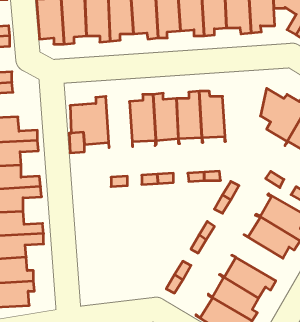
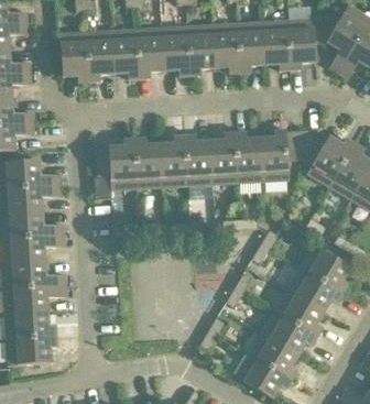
building: none -> [262,130,309,187]
building: none -> [137,139,165,194]
building: none -> [272,287,327,337]

